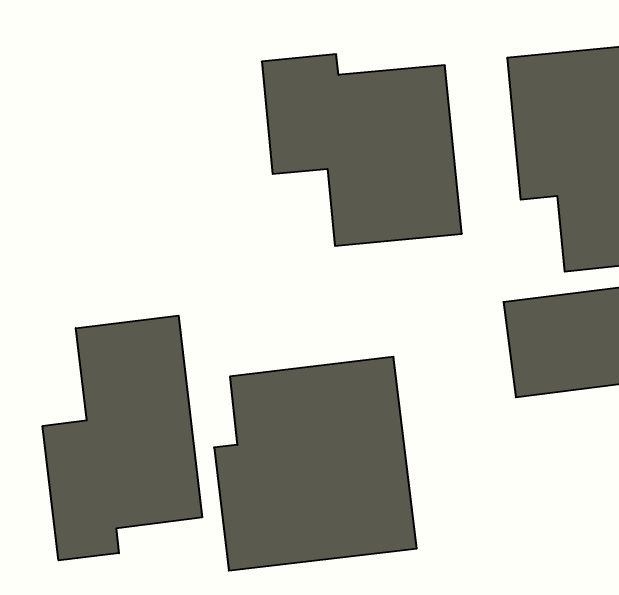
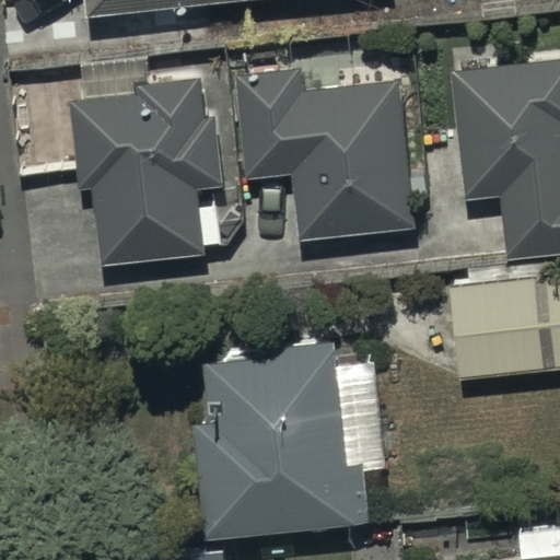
building: none -> [69,78,224,264]
building: [43,316,202,560] -> none

